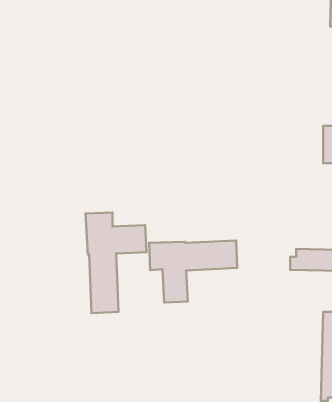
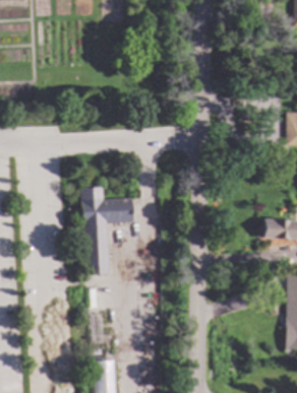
building: [149,240,237,303] -> none

